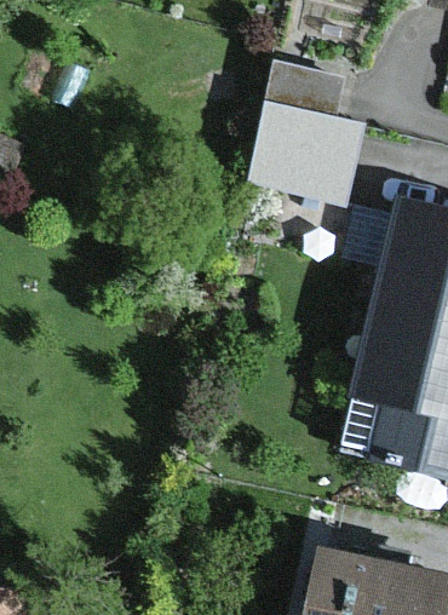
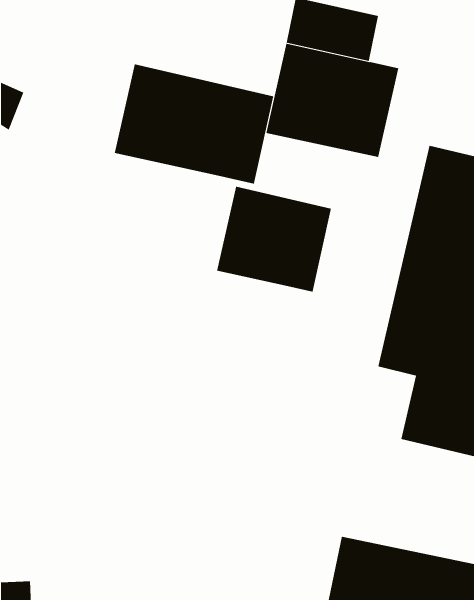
building: none -> [114,63,274,184]
building: none -> [217,186,332,293]

